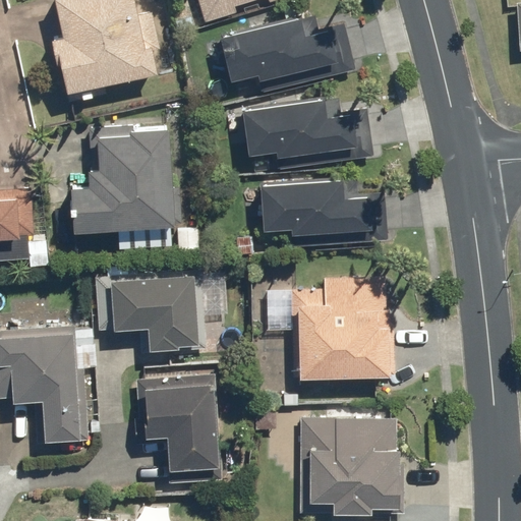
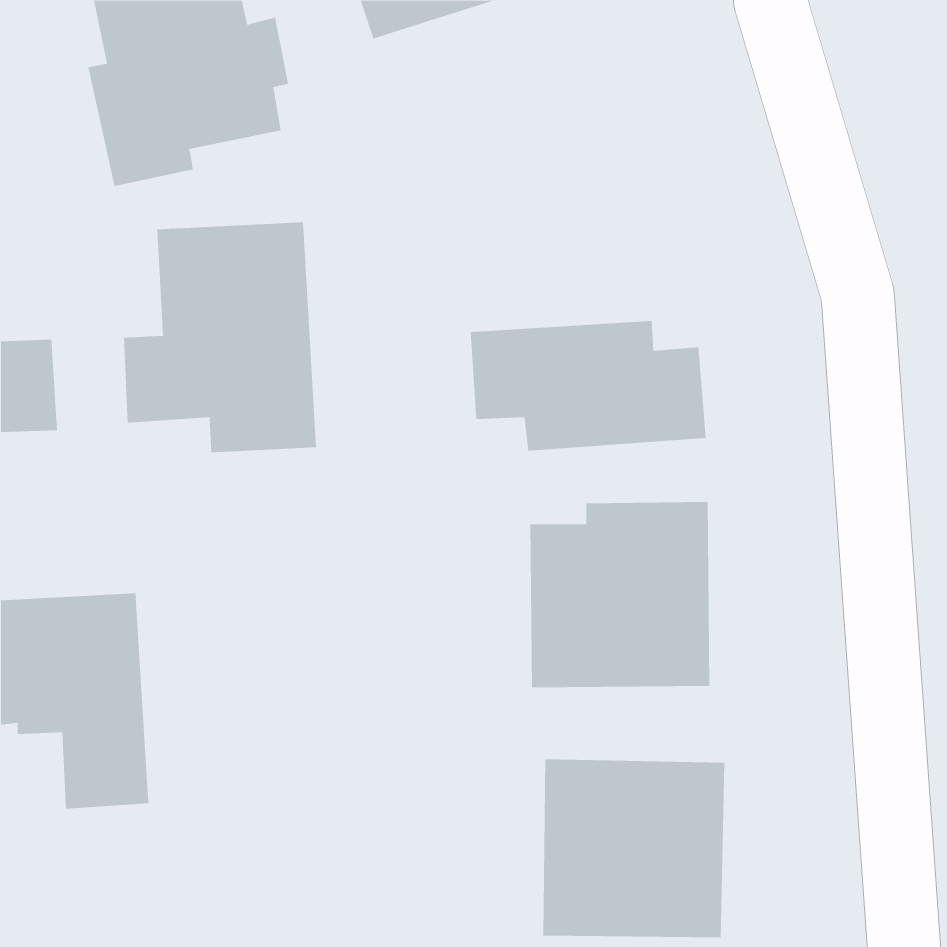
building: [220,13,357,94] -> none
building: [242,96,375,171] -> none
building: [95,270,209,354] -> none
building: [135,374,223,484] -> none

